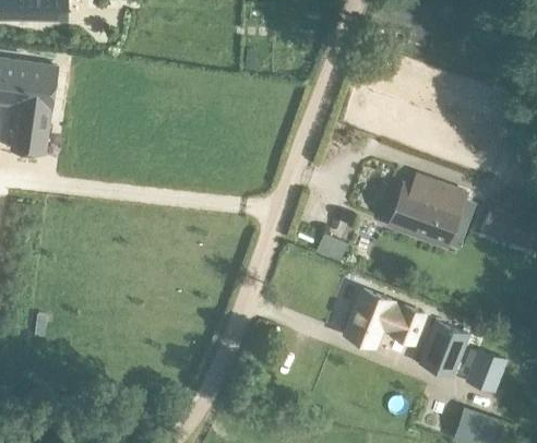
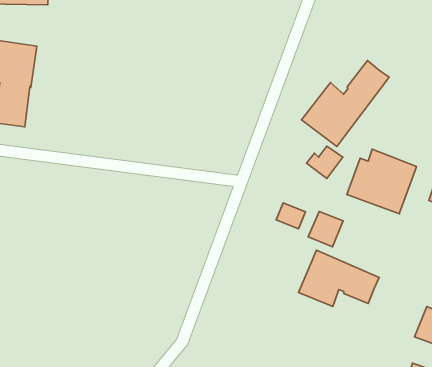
building: none -> [302,61,389,146]
building: none -> [308,211,343,247]
building: [415,318,469,376] -> none

